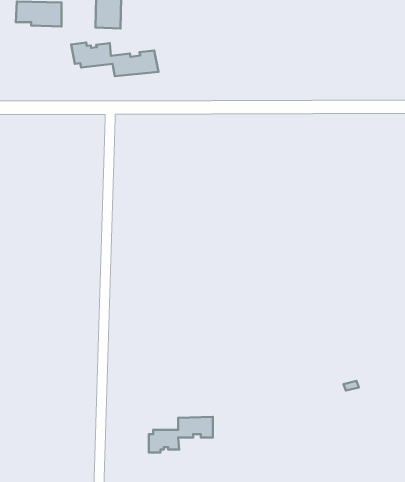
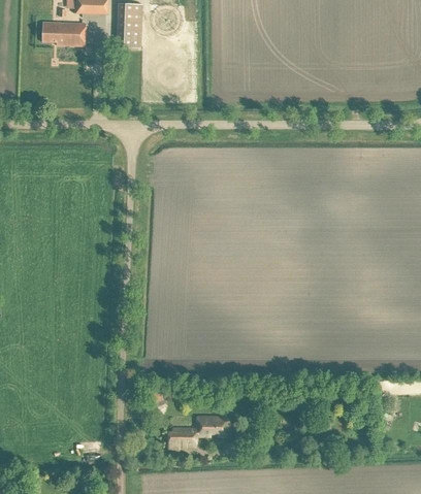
building: [71,43,158,76] -> none

